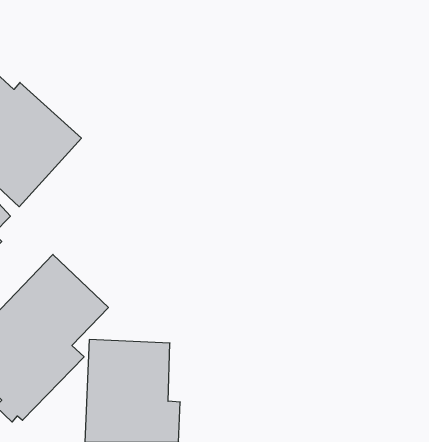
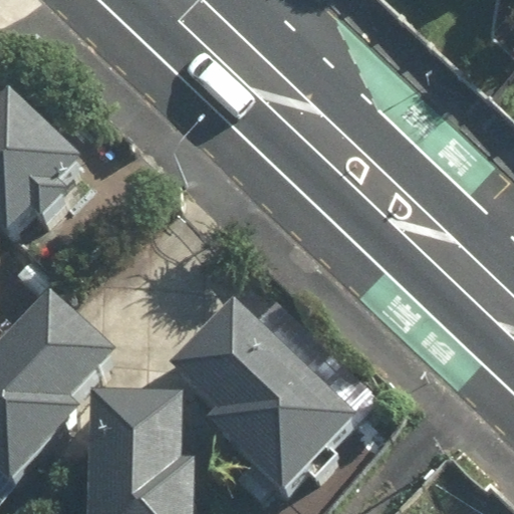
building: none -> [184,301,368,492]

